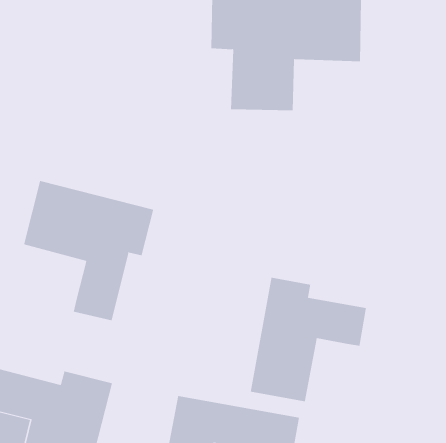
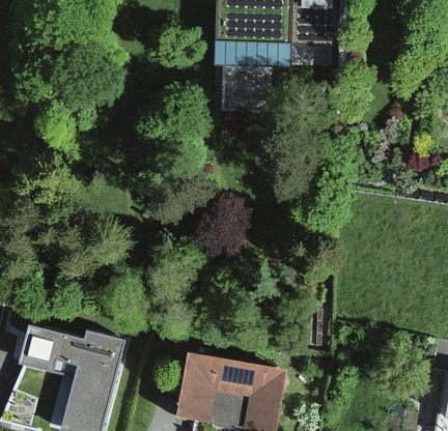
building: [23,180,154,321] -> none
building: [250,277,366,402] -> none

